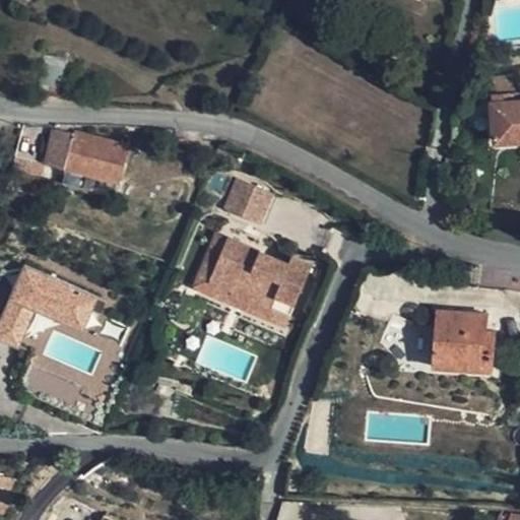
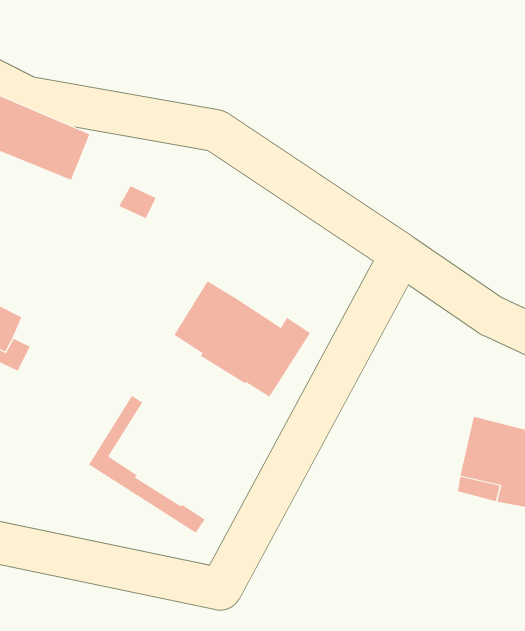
building: [224,181,272,225] -> none
building: [194,236,284,328] -> [88,395,206,534]

